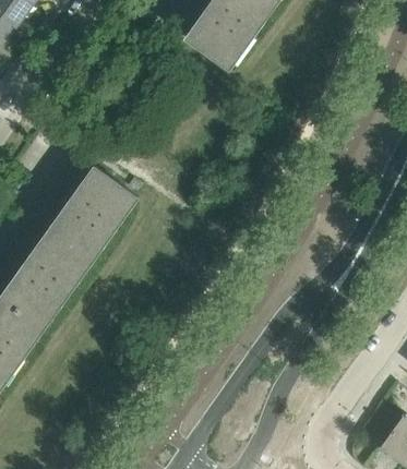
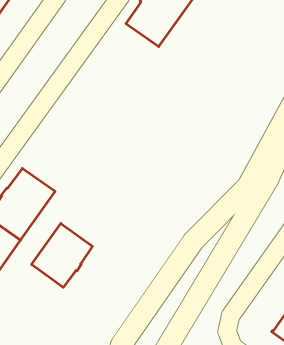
building: [48,166,137,261] -> none
building: none -> [32,223,92,287]

